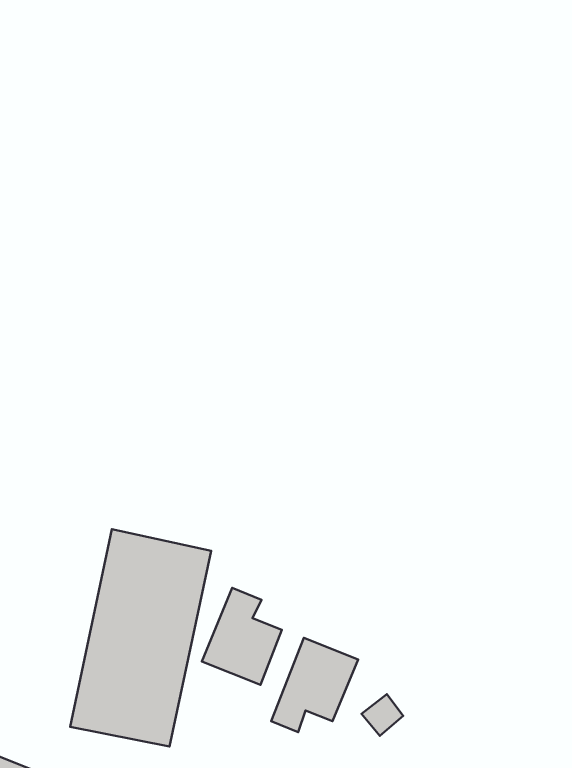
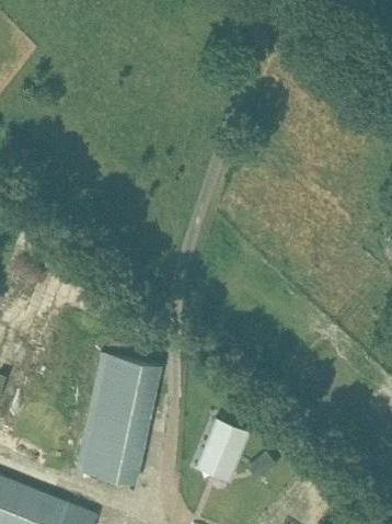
building: [202,588,282,685] -> none

